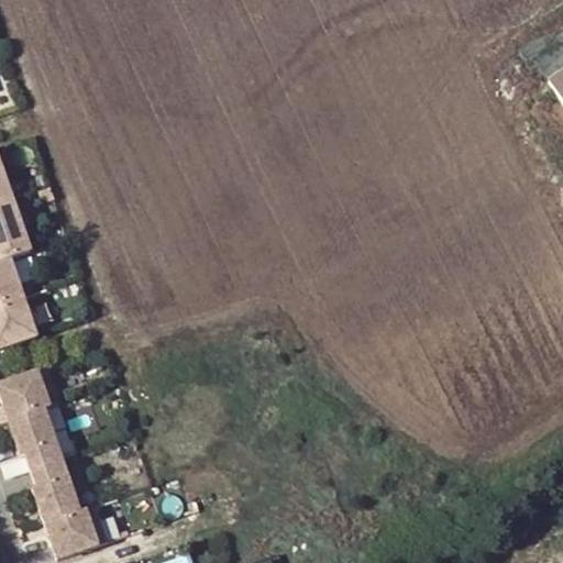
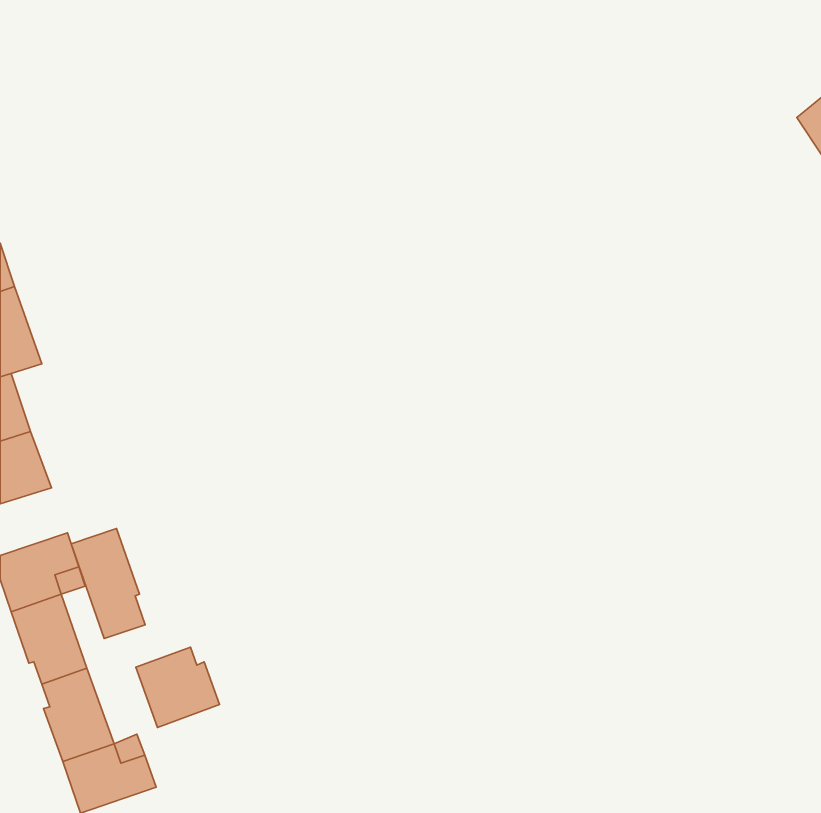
building: none -> [71,529,145,638]
building: none -> [136,647,220,727]

